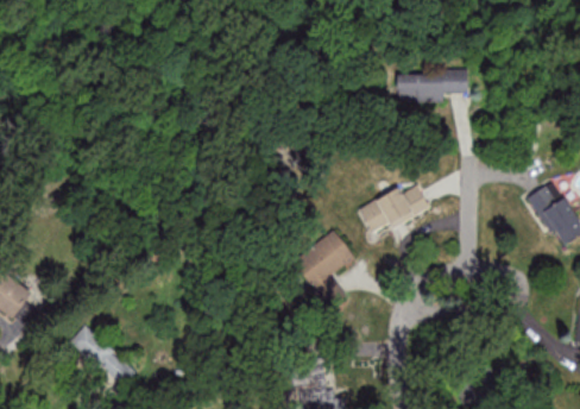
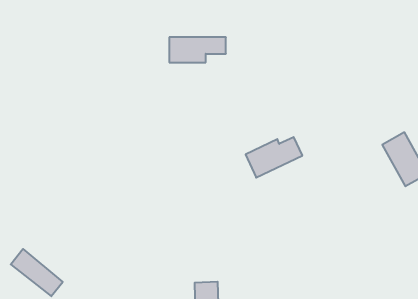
building: [398,71,468,102] -> [169,37,226,62]
building: [294,231,355,289] -> none

